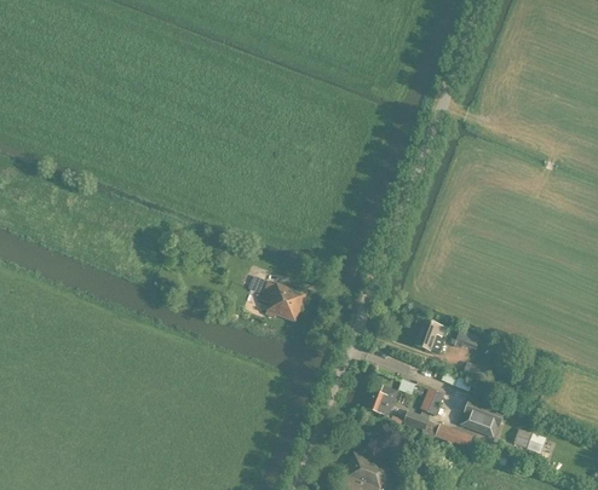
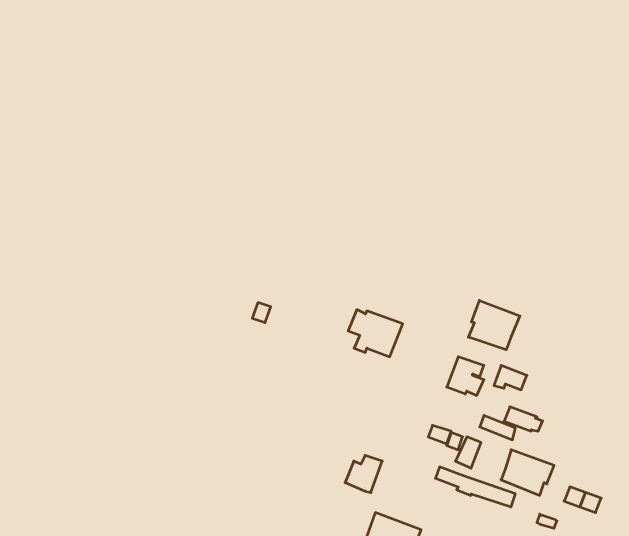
building: none -> [468,300,520,350]
building: [259,282,305,322] -> [348,310,403,357]
building: [366,386,397,417] -> [345,455,382,493]

